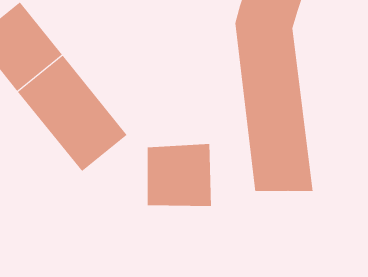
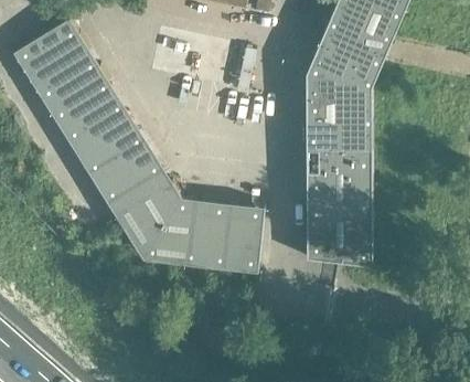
building: none -> [116,182,192,264]

